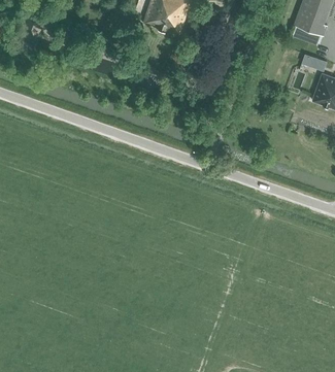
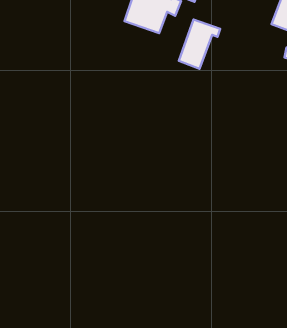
building: none -> [179,19,220,69]

